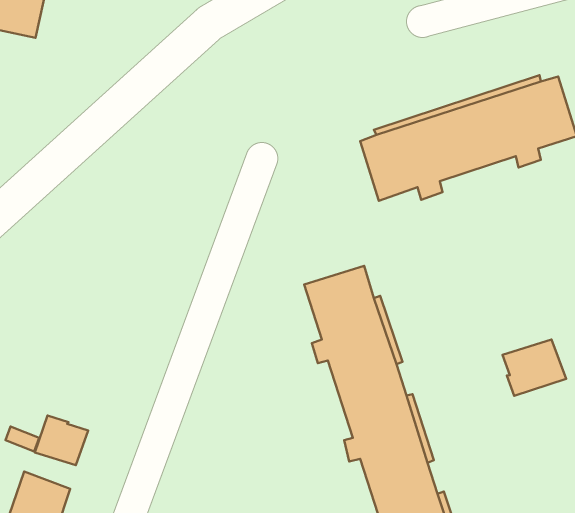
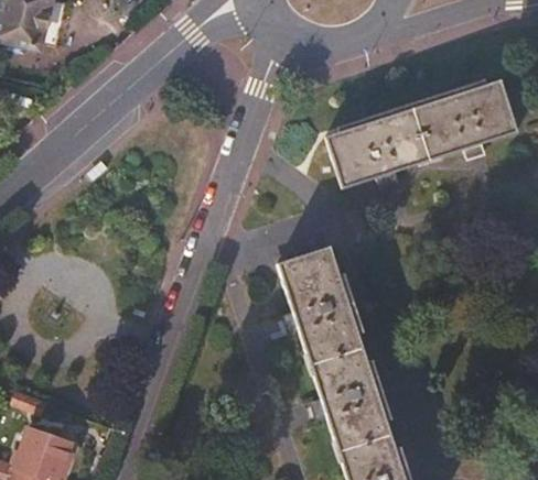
building: [502,339,566,396] -> none
building: [35,415,88,465] -> none

